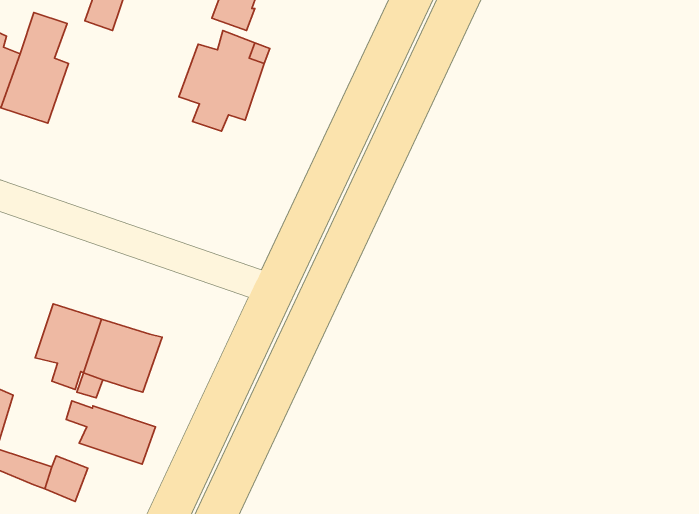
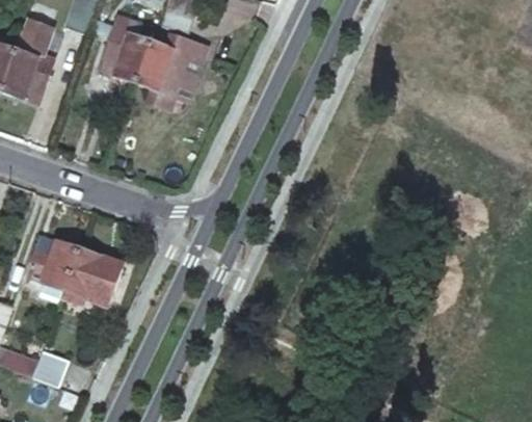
building: none -> [98,20,152,80]
building: [66,401,156,464] -> none

